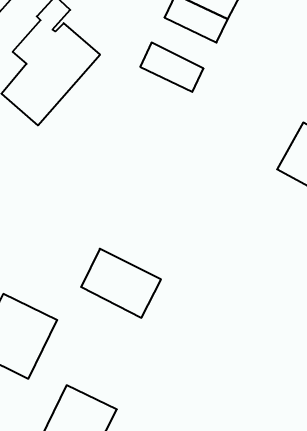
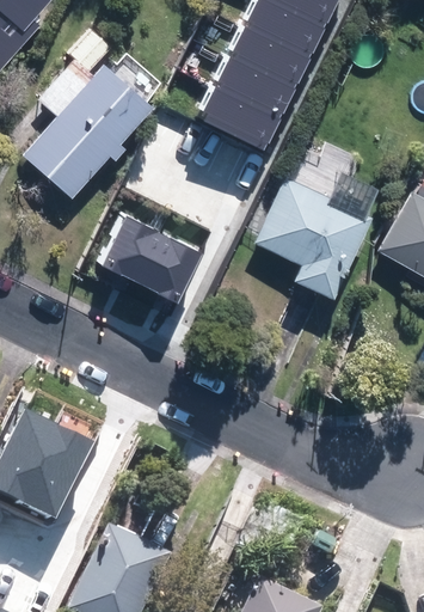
building: none -> [214,55,297,121]
building: none -> [253,176,371,299]
building: [81,249,161,318] -> [103,218,205,306]

